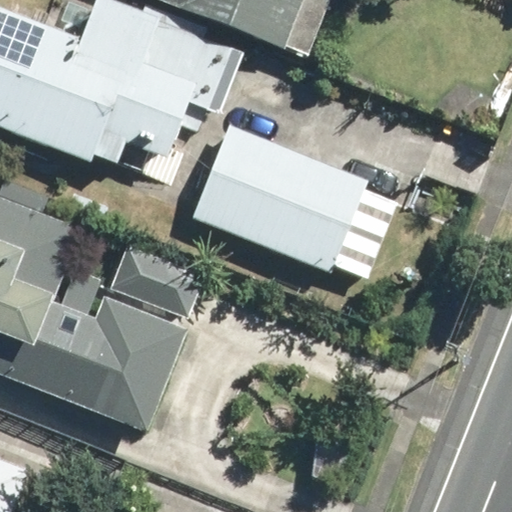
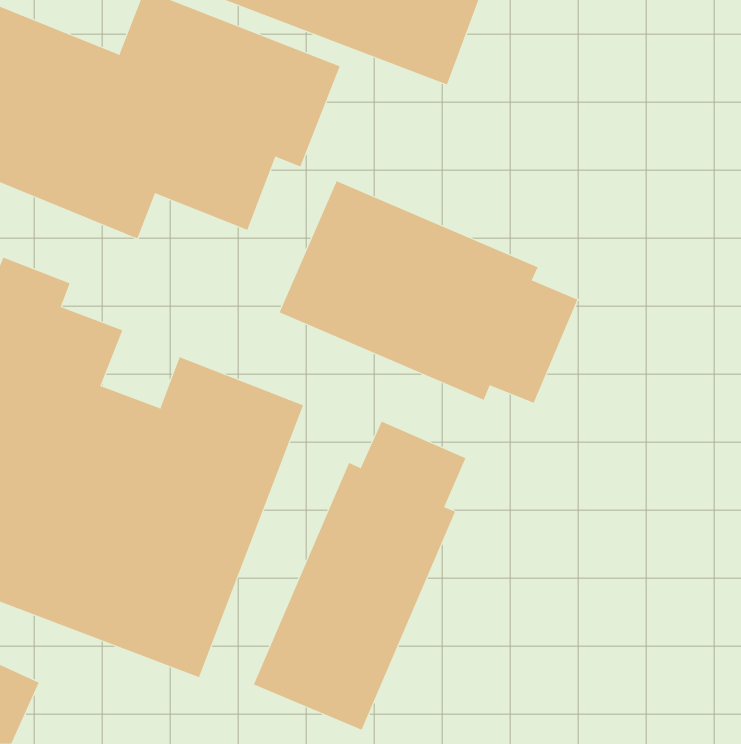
building: none -> [253,421,466,731]

